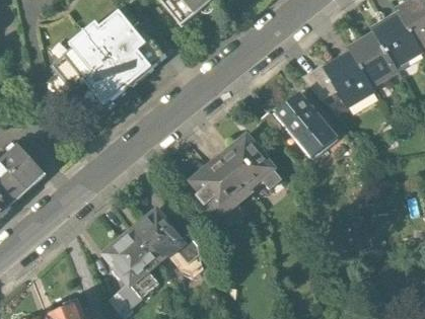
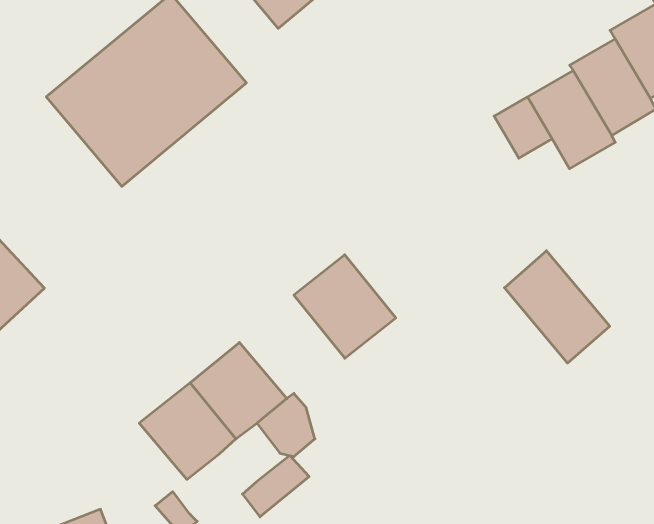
building: [273,92,334,157] -> [504,251,610,363]
building: [219,132,278,191] -> none
building: [120,269,158,305] -> [242,456,309,517]

